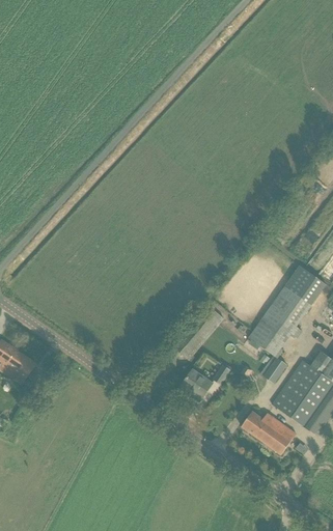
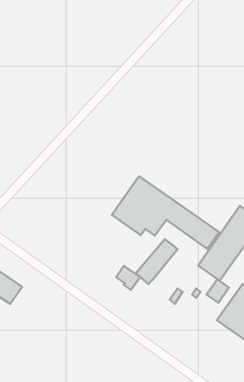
building: none -> [112,176,219,249]
building: [182,369,211,398] -> [116,266,140,290]
building: [240,411,295,454] -> none

